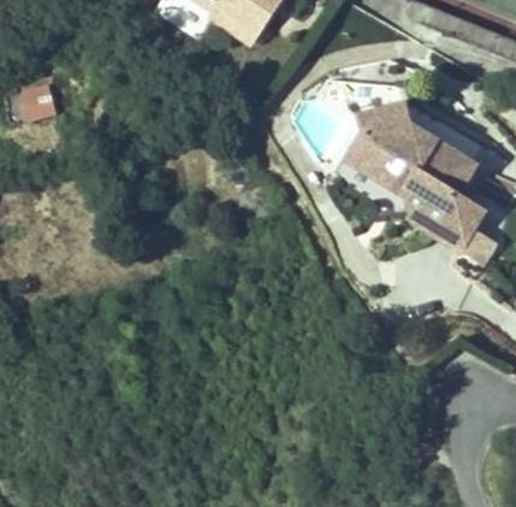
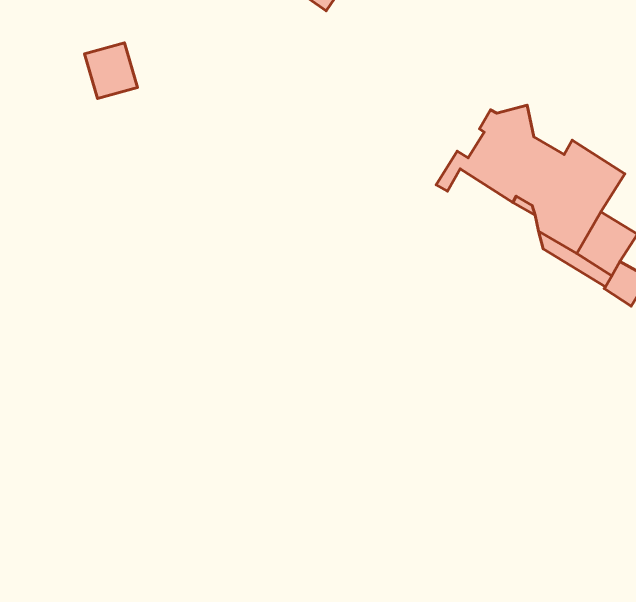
building: [17,78,57,120] -> [85,43,137,99]

